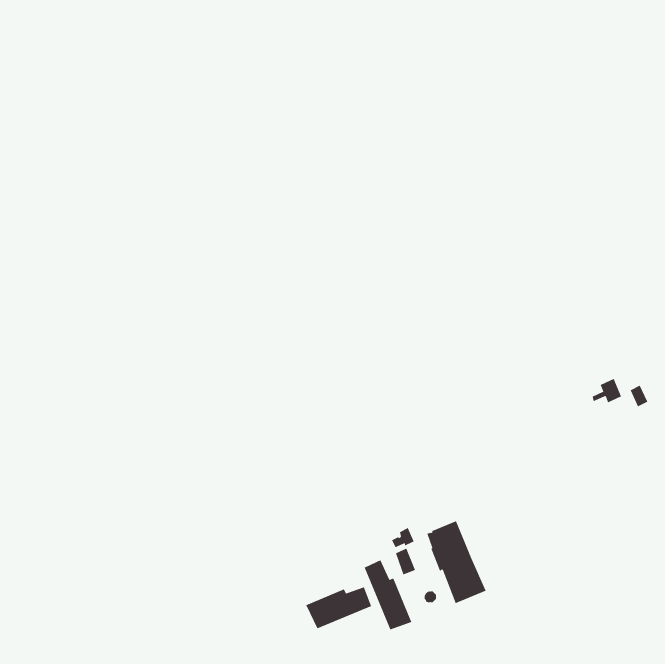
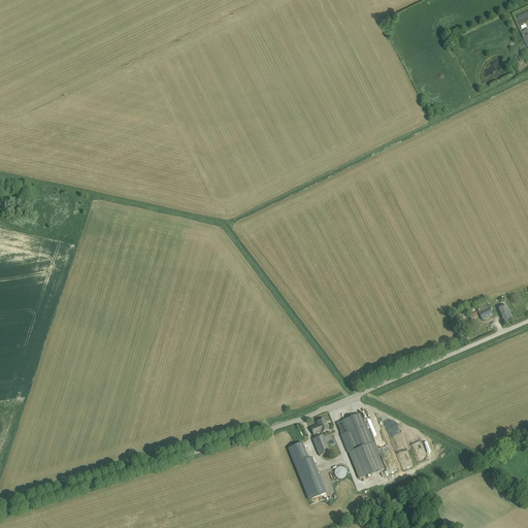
building: [306,586,372,629] -> none

